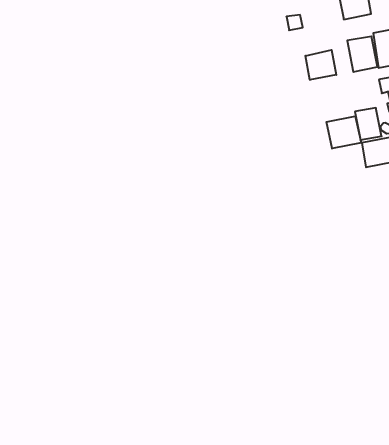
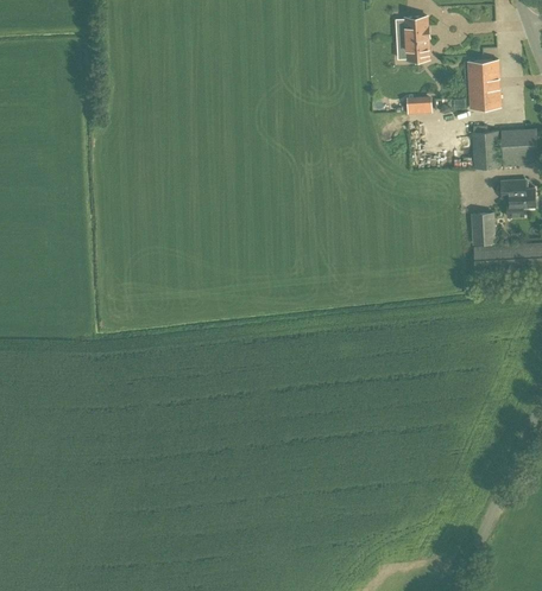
building: [305,50,336,80] -> none
building: [326,116,361,149] -> none

